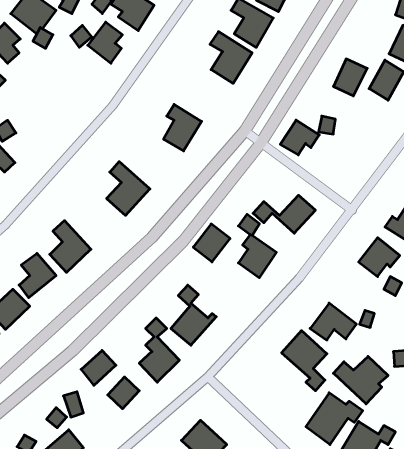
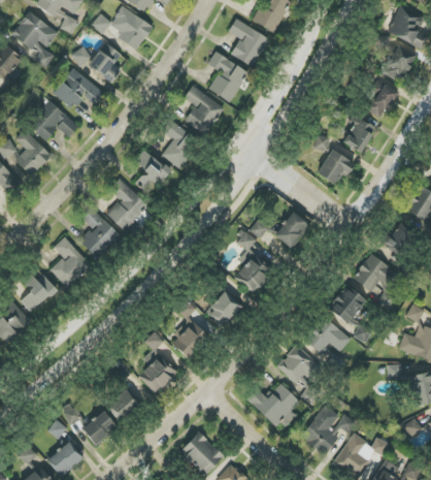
building: none -> [54,68,103,108]
building: [333,59,367,96] -> [342,117,375,153]
building: none -> [184,86,224,134]
building: none -> [29,100,79,140]
building: none -> [15,129,52,175]
building: [280,120,319,155] -> [317,150,355,184]
building: none -> [134,151,169,195]
building: none -> [80,209,119,258]
building: [193,224,230,262] -> [206,290,242,327]
building: none -> [329,285,367,324]
building: [81,350,116,385] -> [82,411,117,445]
building: [333,356,388,404] -> [246,383,300,429]

